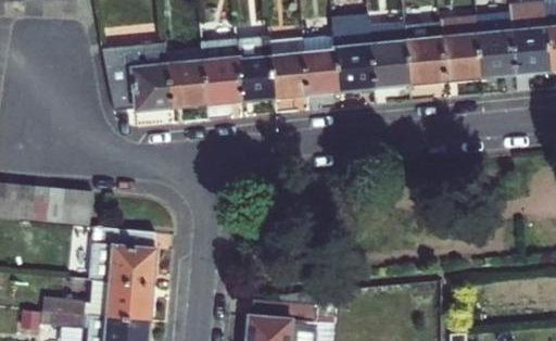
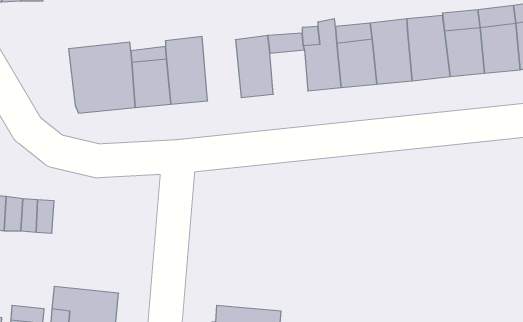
building: [237,35,275,101] -> none
building: [303,51,340,94] -> none
building: [89,230,157,289] -> none

